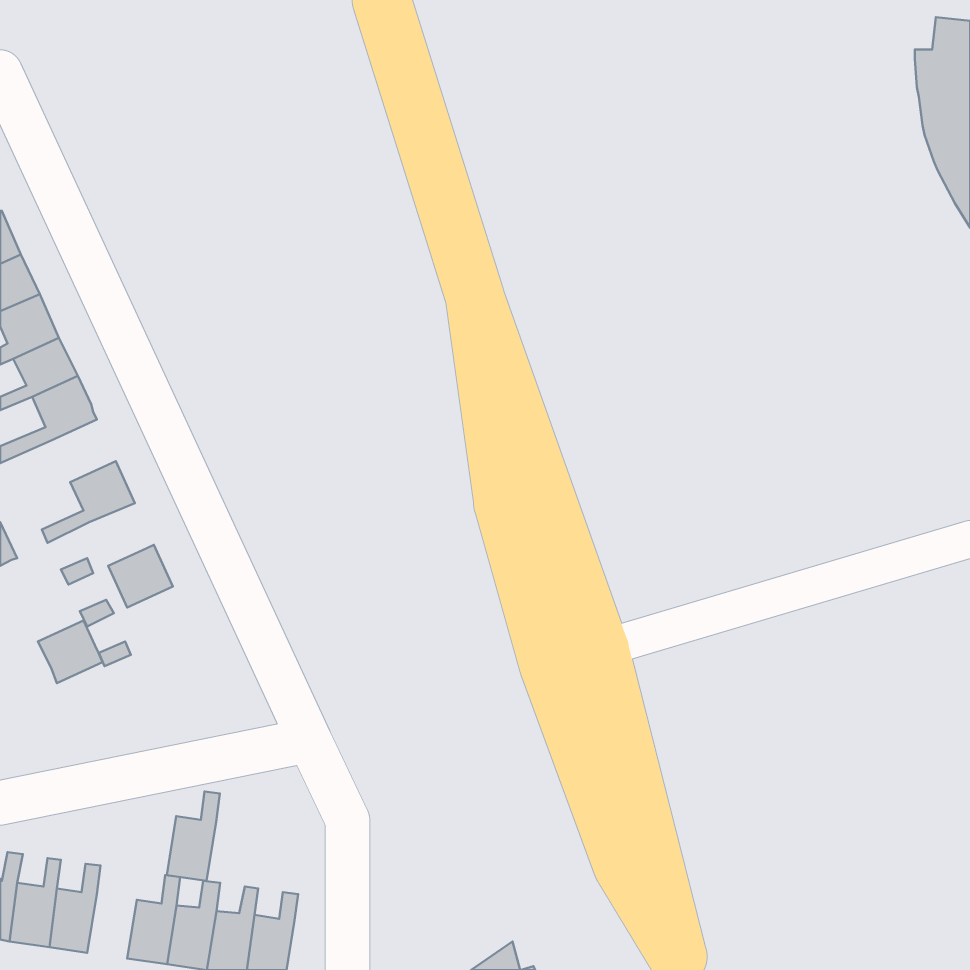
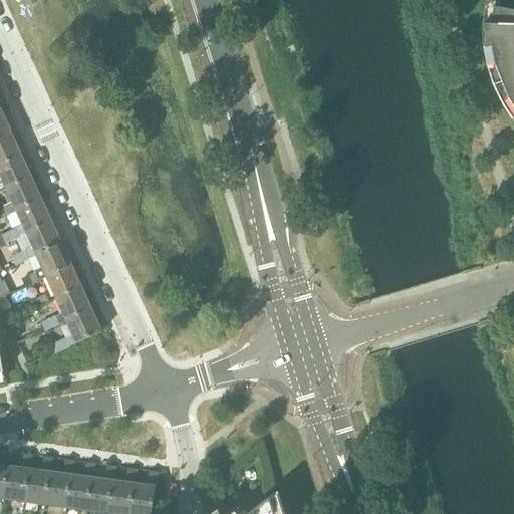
building: none -> [12,222,61,265]
building: none -> [47,266,81,299]
building: [38,621,102,683] -> [67,310,101,343]
building: [167,792,220,881] -> [46,460,74,507]

